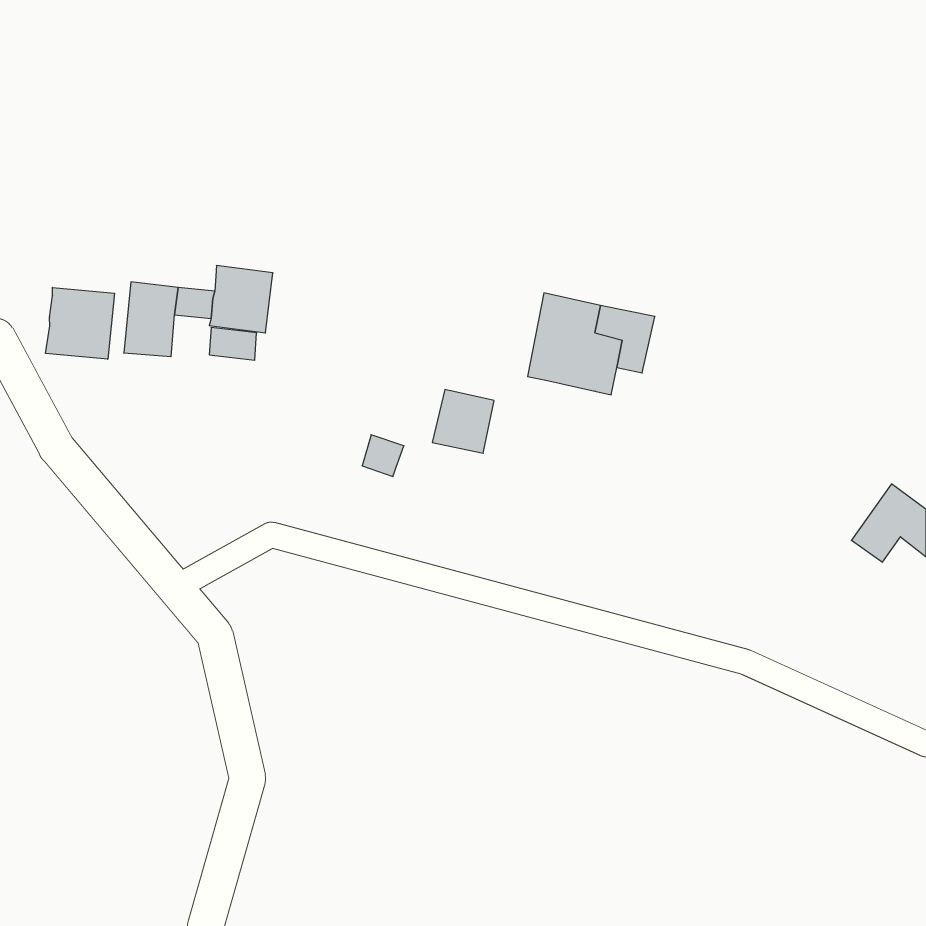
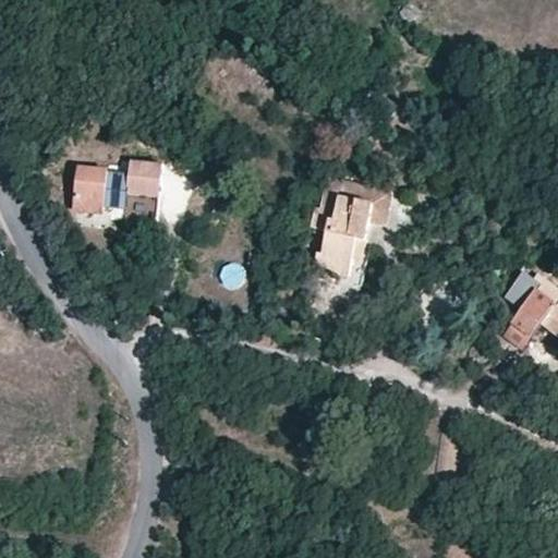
building: [46,287,115,359] -> none
building: [432,390,494,453] -> [319,228,356,266]

